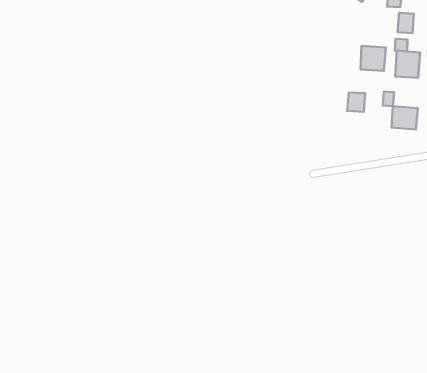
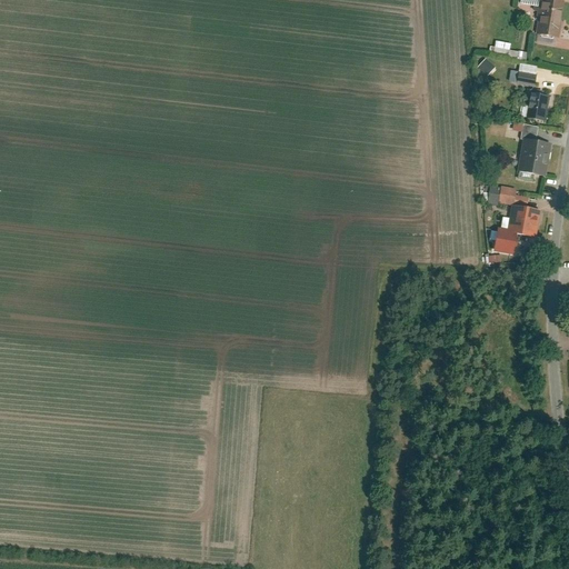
building: [361,46,386,71] -> none
building: [347,92,365,112] -> [490,231,515,257]

